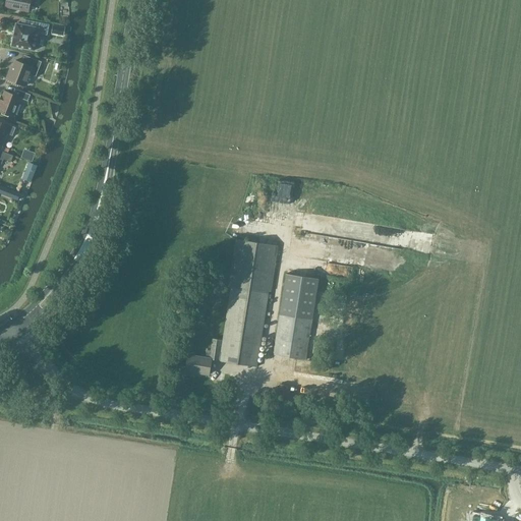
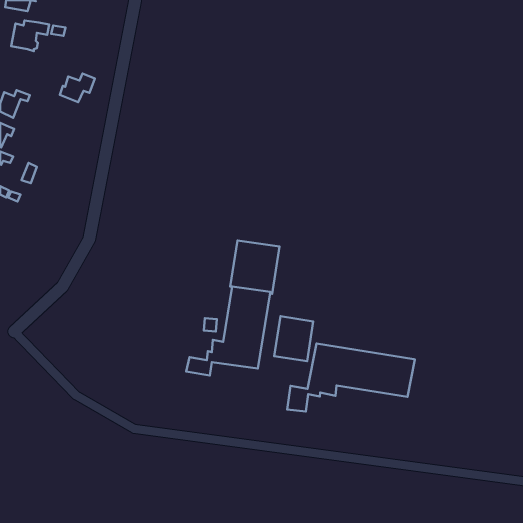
building: [6,57,41,85] -> [60,73,95,102]
building: [279,274,317,320] -> none
building: none -> [287,343,415,412]

